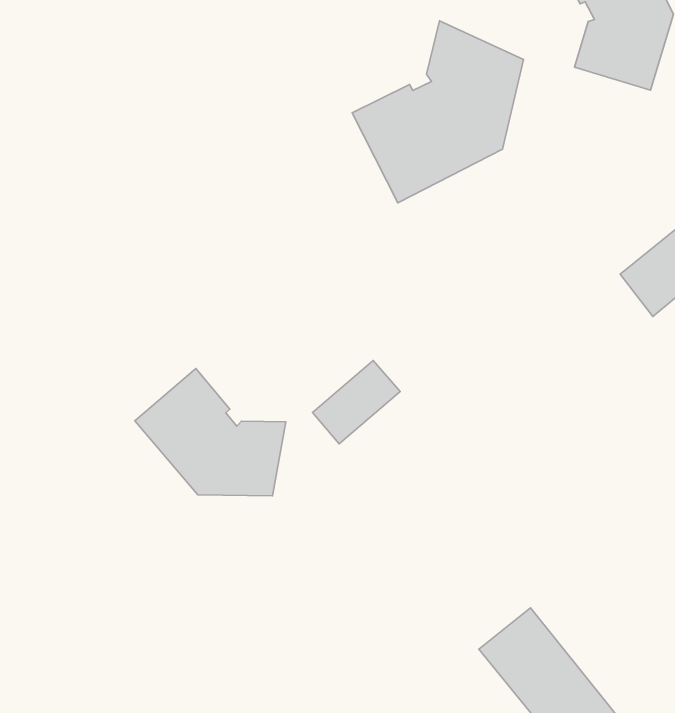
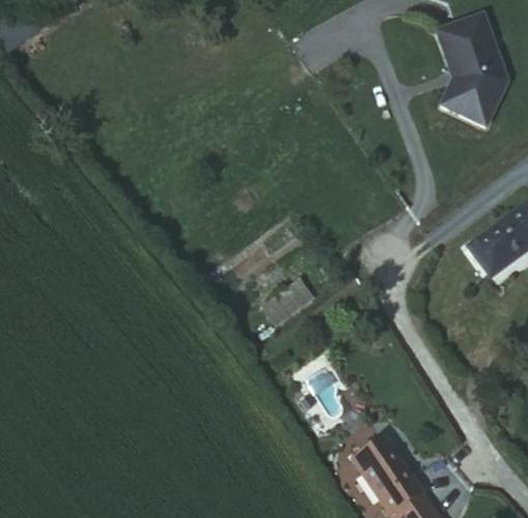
building: [352,21,524,203] -> none
building: [135,369,286,496] -> none

